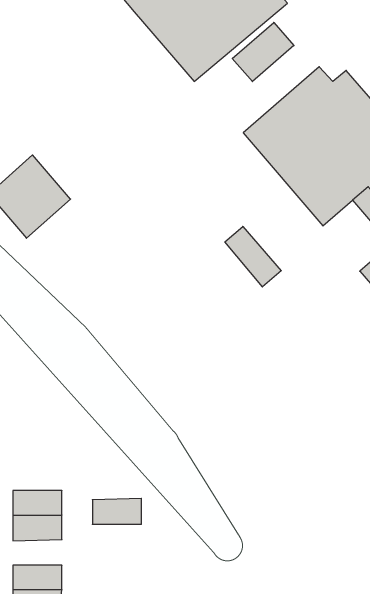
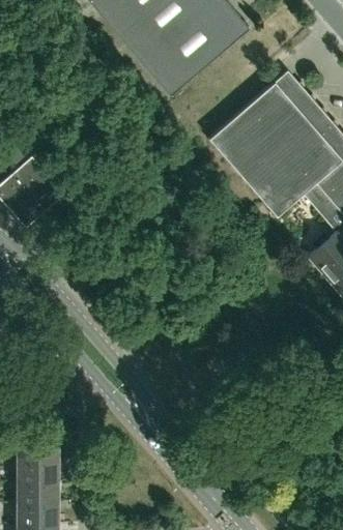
building: [232,22,294,82] -> none
building: [225,226,281,287] -> none
building: [92,498,141,524] -> [17,479,58,501]

